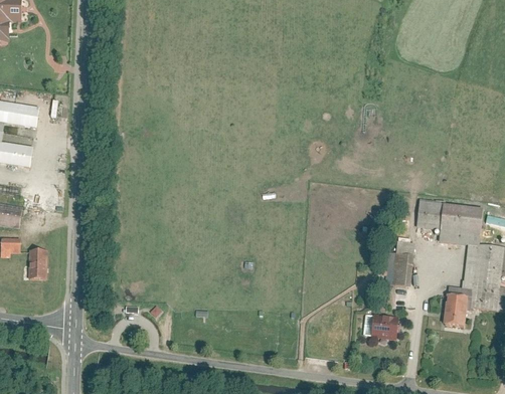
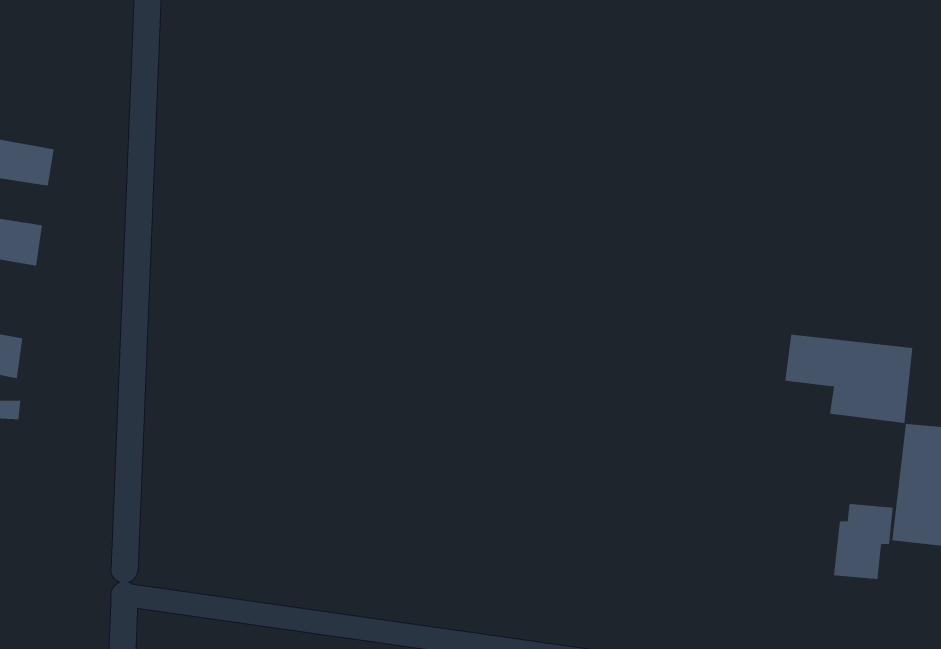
building: [383,244,413,289] -> none
building: [27,247,46,276] -> none
building: [364,313,398,337] -> none

